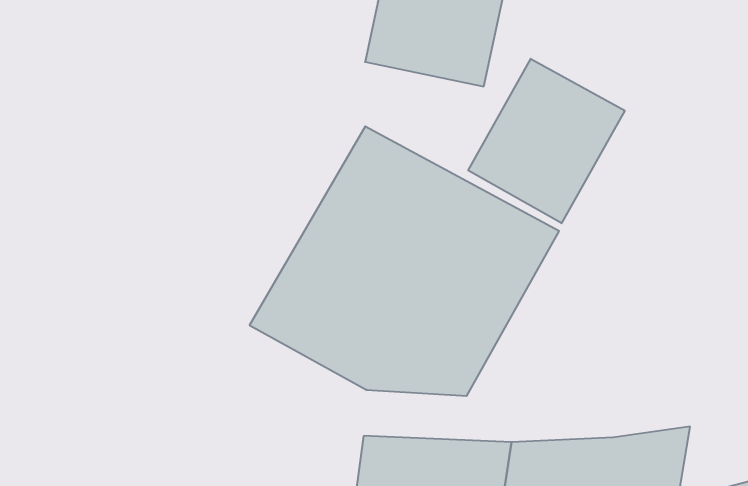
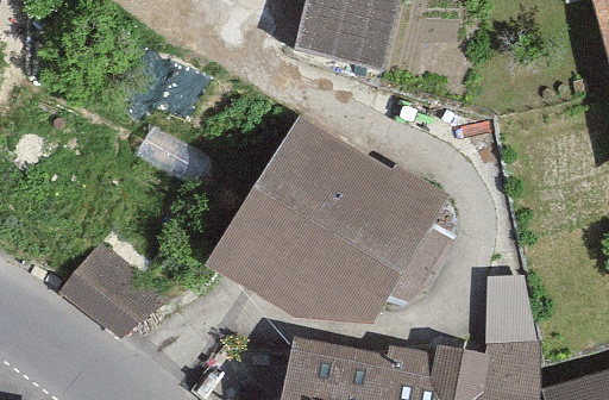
building: [468,59,625,223] -> none
building: none -> [69,243,168,337]

